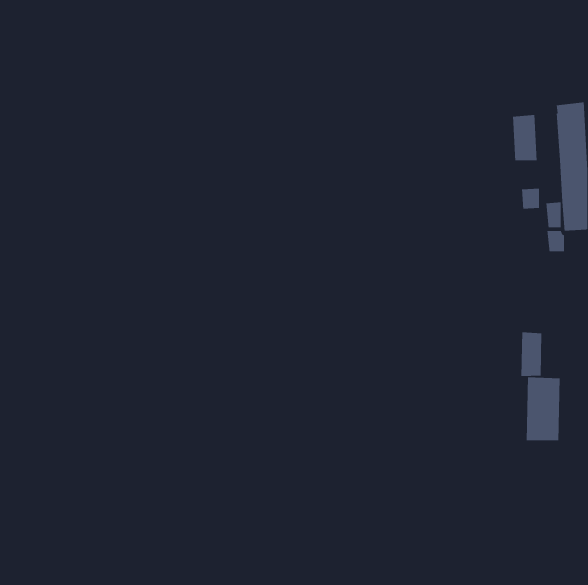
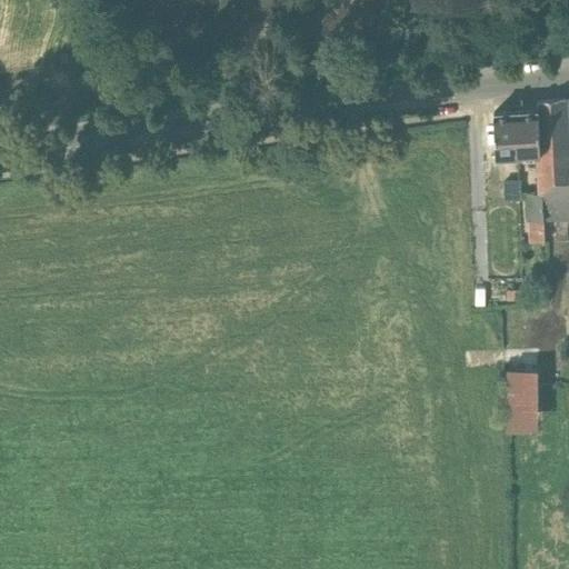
building: none -> [517,112,540,159]
building: [521,331,542,377] -> none

